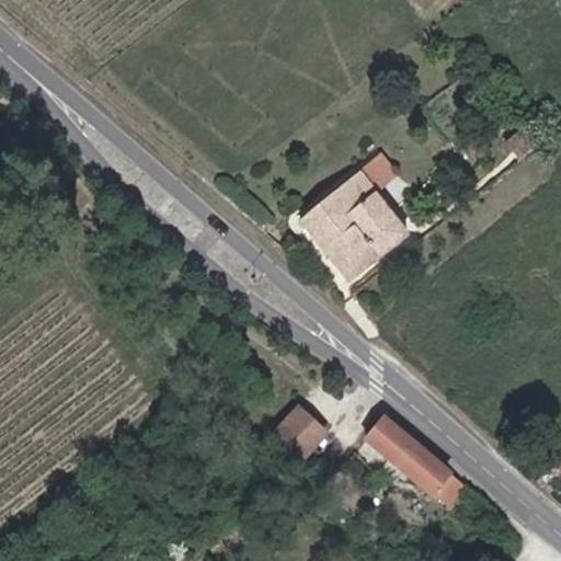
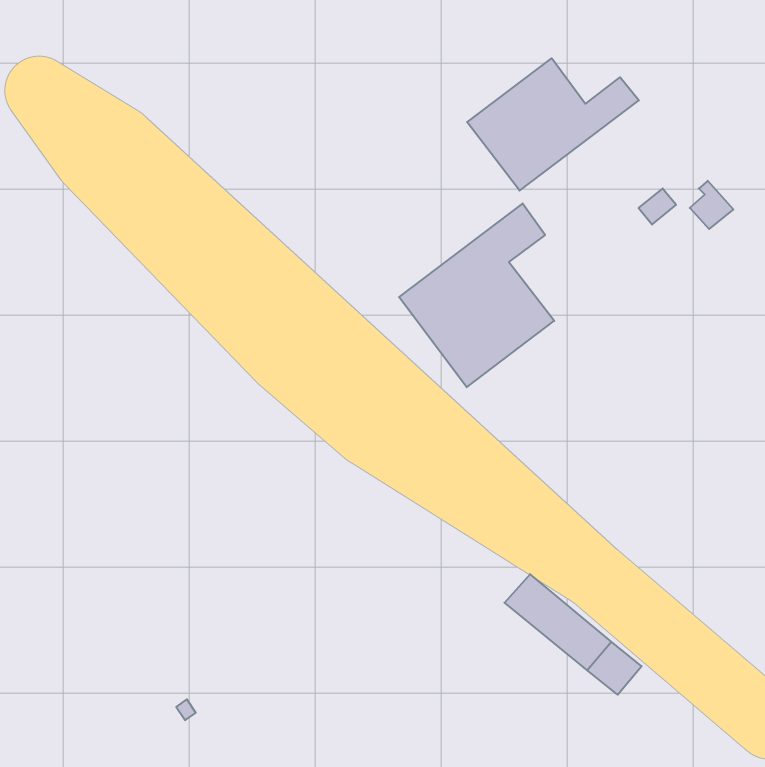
building: none -> [467,58,639,191]
building: [279,413,330,463] -> none

